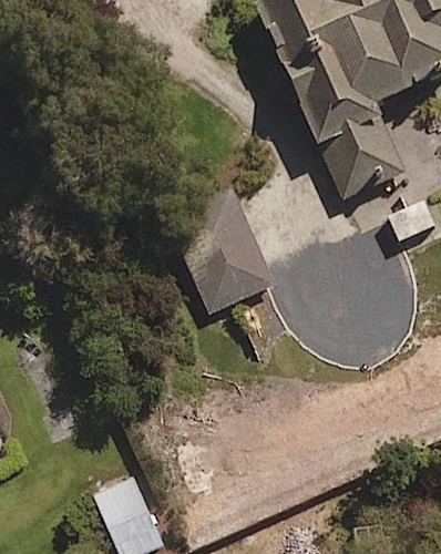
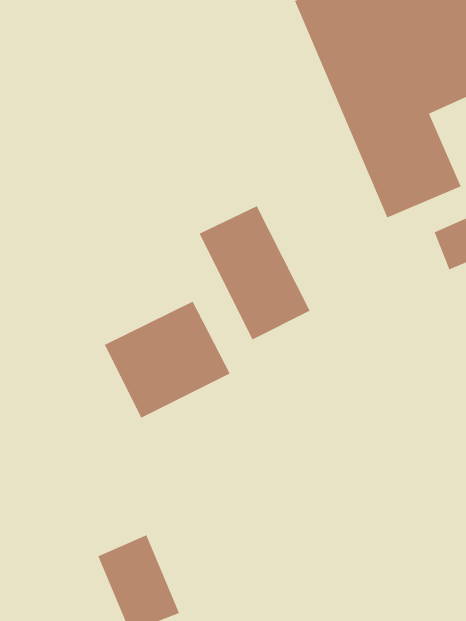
building: none -> [104,301,230,419]

